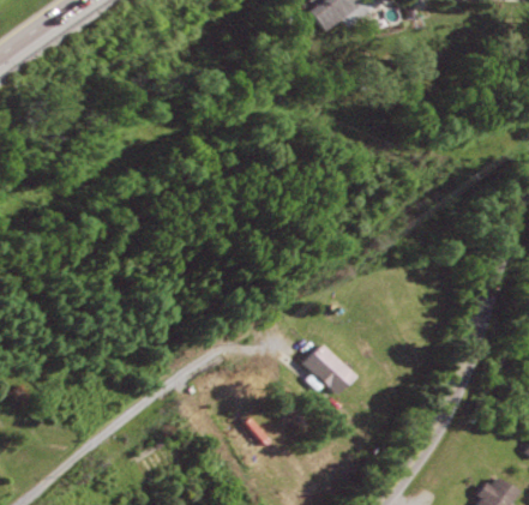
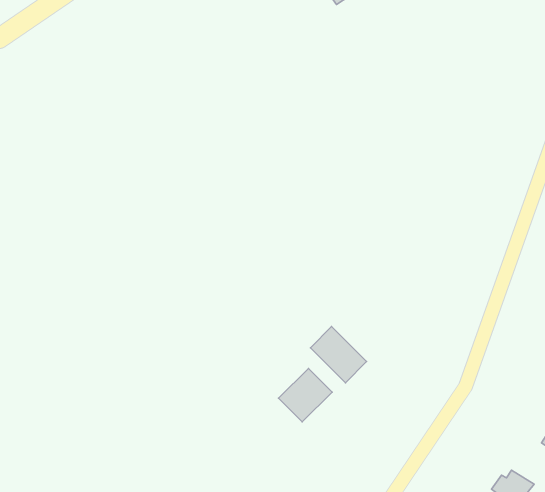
building: none -> [279,368,332,422]

